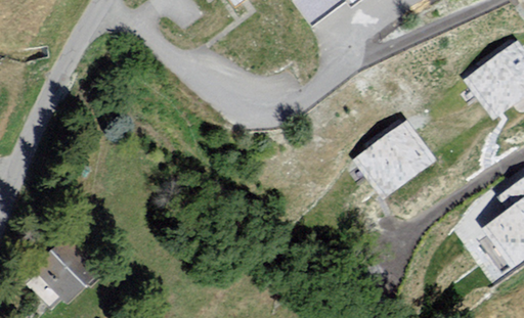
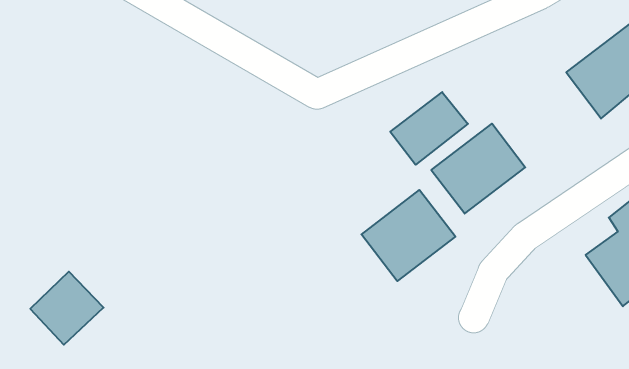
building: none -> [390,92,468,165]
building: none -> [361,190,455,281]

